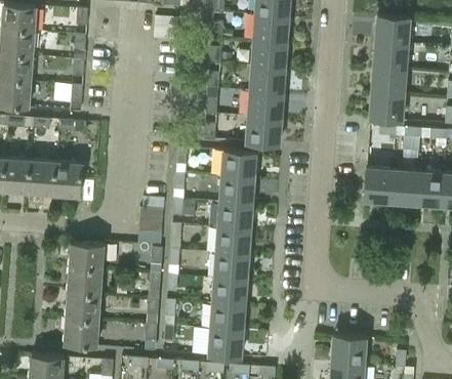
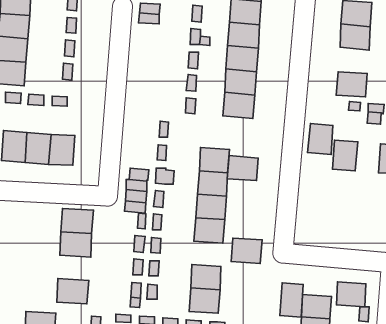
building: [372,67,406,95] -> none
building: [221,151,255,178] -> [227,155,258,181]
building: [391,170,418,204] -> [308,124,333,154]
building: [212,279,246,306] -> [231,238,262,263]
building: [66,294,101,322] -> none
building: none -> [337,282,366,307]
building: none -> [280,283,303,317]

